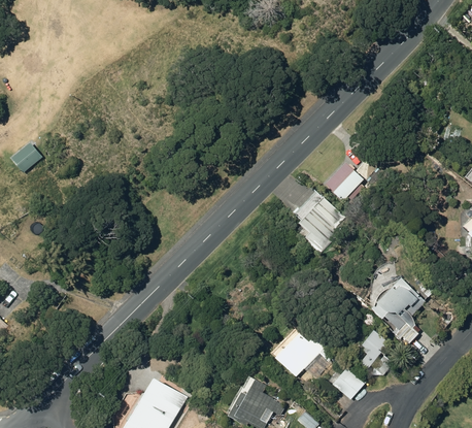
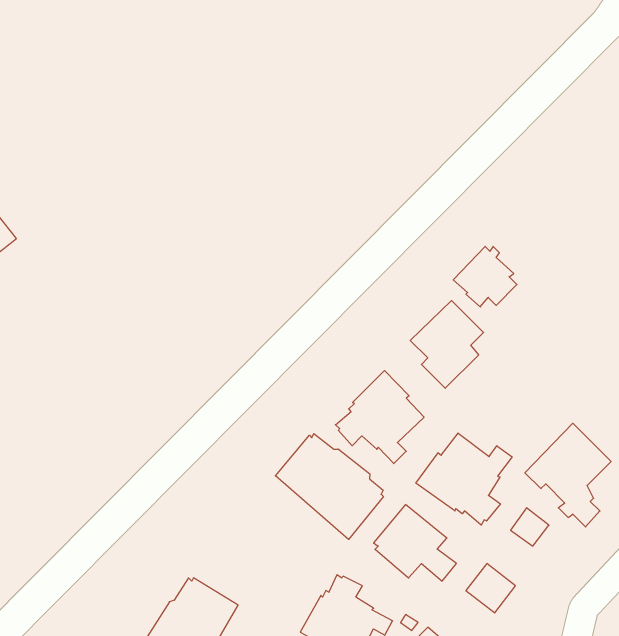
building: none -> [335,371,424,464]
building: none -> [416,433,512,525]
building: none -> [275,434,383,539]

